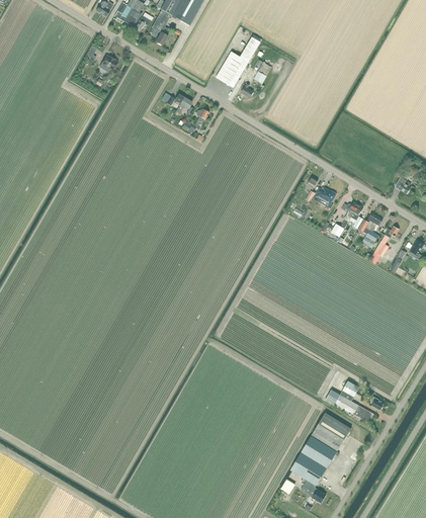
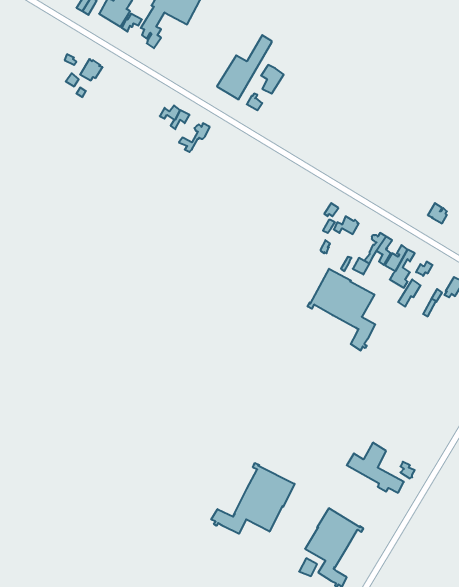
building: none -> [308,269,375,351]
building: none -> [211,463,295,534]
building: [313,413,351,449] -> none

